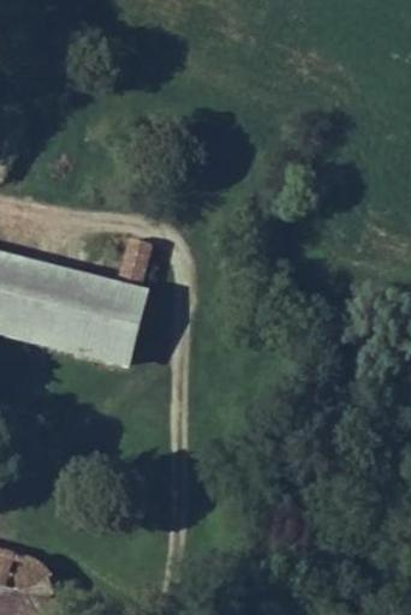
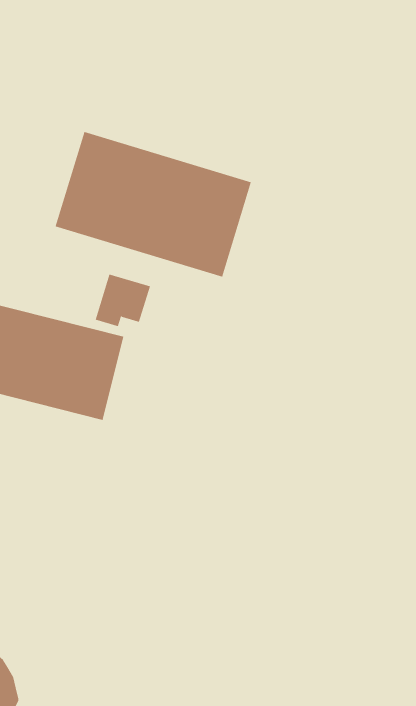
building: none -> [55,131,252,278]

